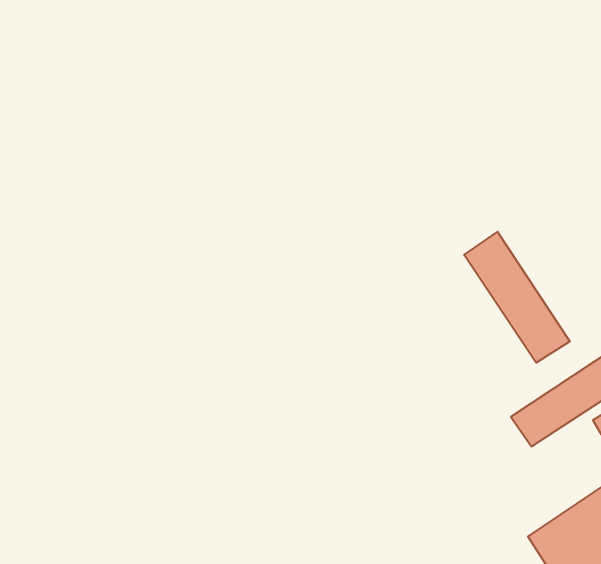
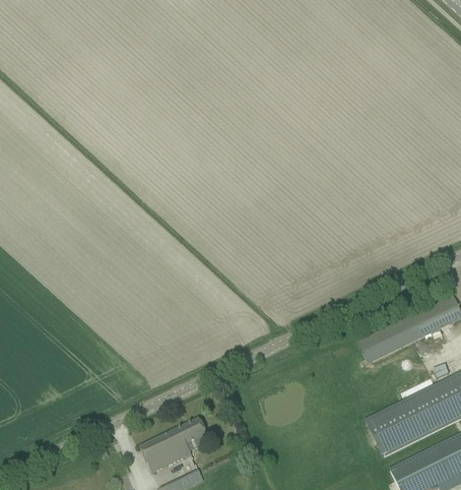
building: [464,232,570,363] -> none

